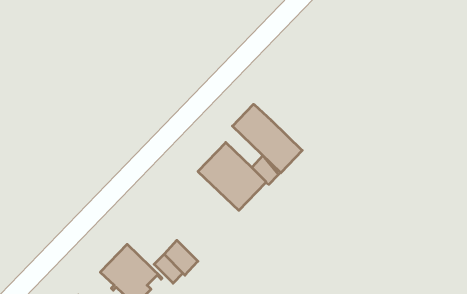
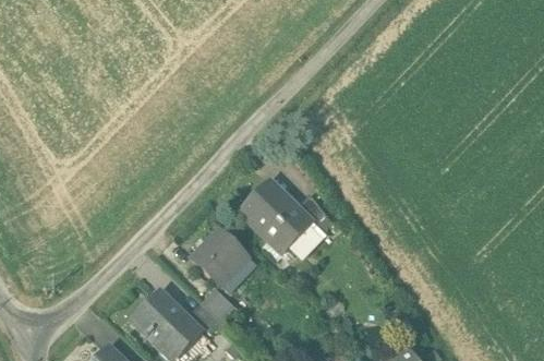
building: [232,104,302,173] -> none
building: none -> [193,230,247,285]

